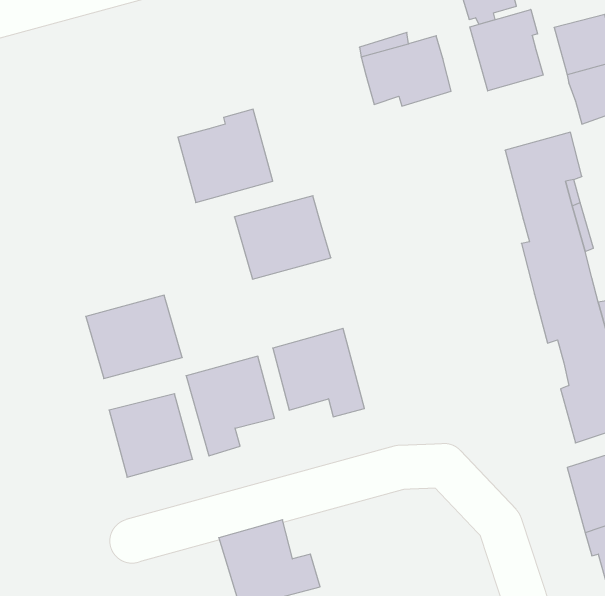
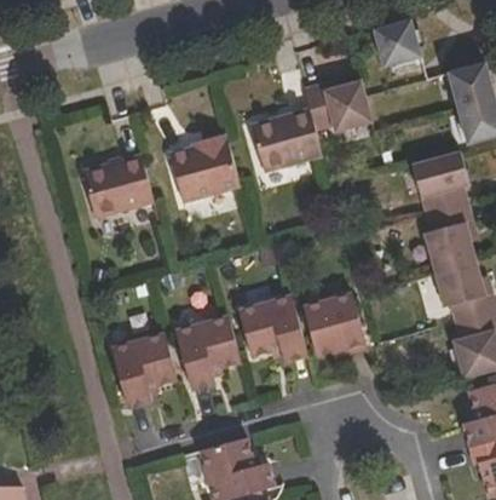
building: [470,9,543,91] -> none
building: [234,196,331,279] -> [250,108,322,169]
building: [86,295,182,379] -> [82,155,154,217]
building: none -> [300,288,359,357]

